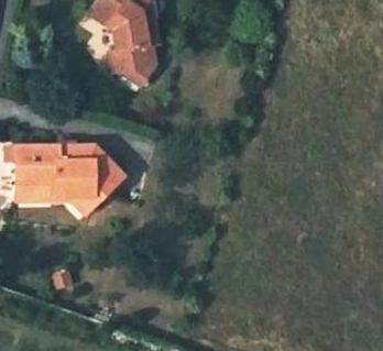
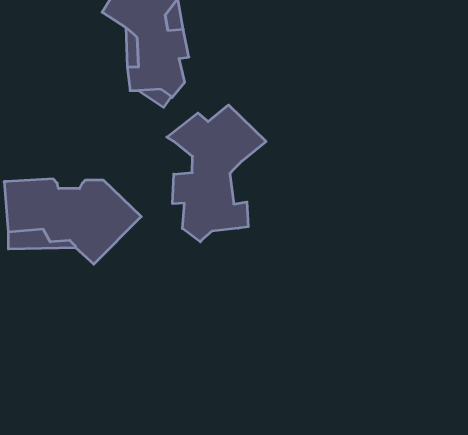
building: none -> [167,105,266,242]

